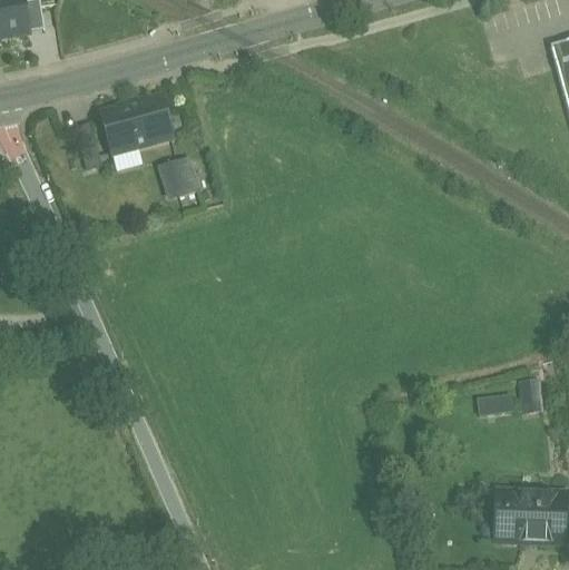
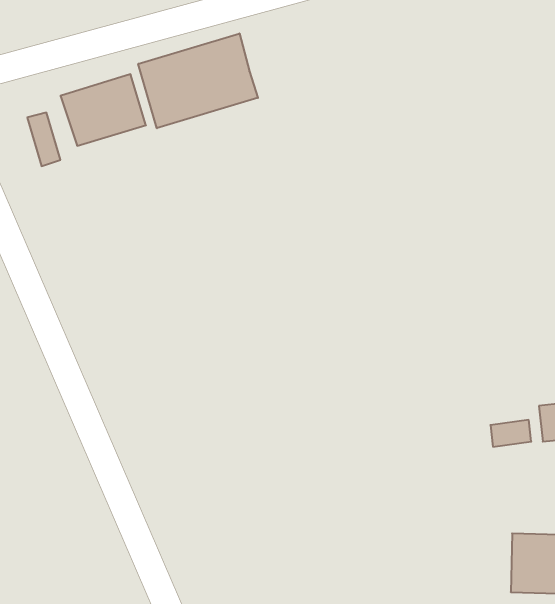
building: none -> [138,33,258,128]
building: [158,158,199,197] -> none

